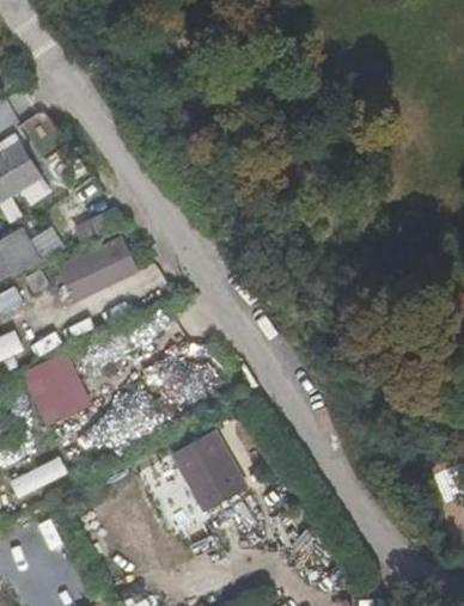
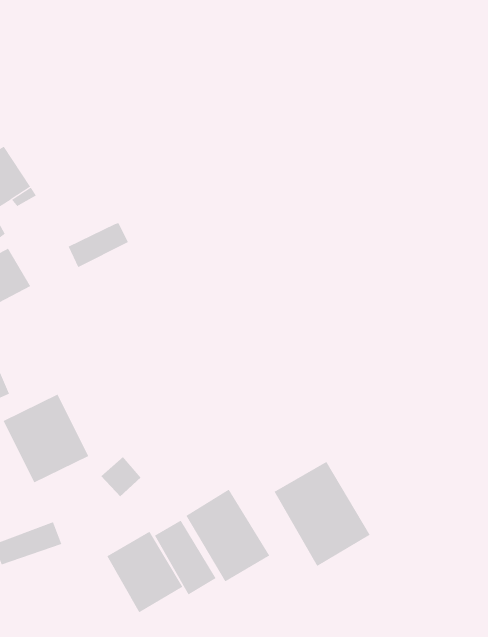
building: [56,235,139,302] -> none
building: none -> [274,461,370,567]
building: none -> [106,531,183,613]

